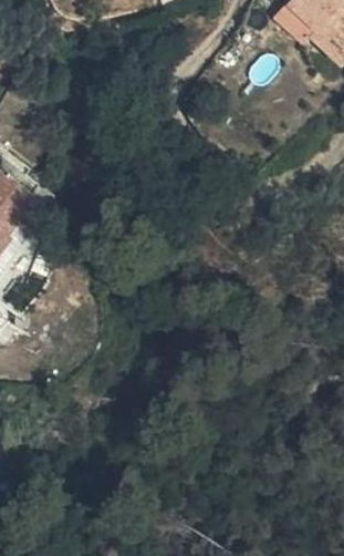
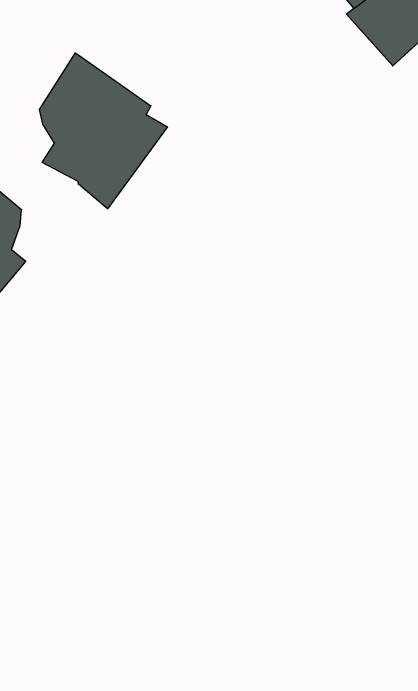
building: none -> [39,53,167,209]

